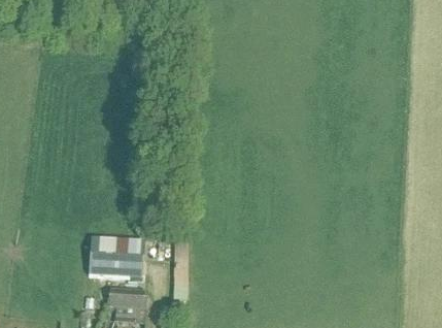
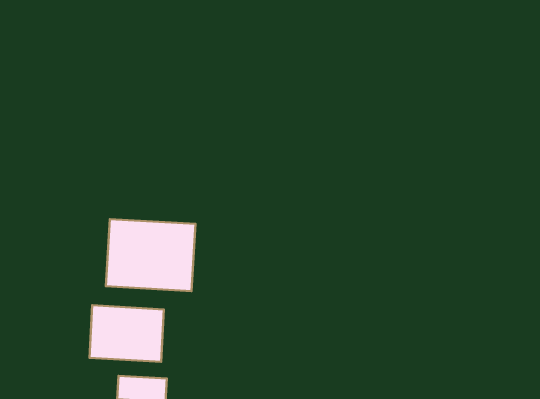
building: none -> [106,219,196,291]

